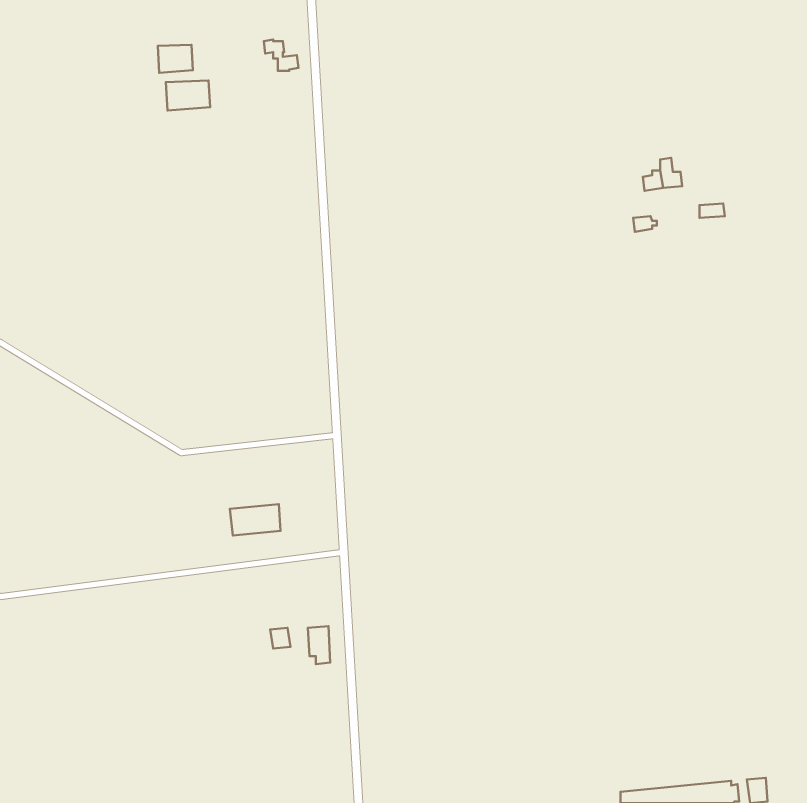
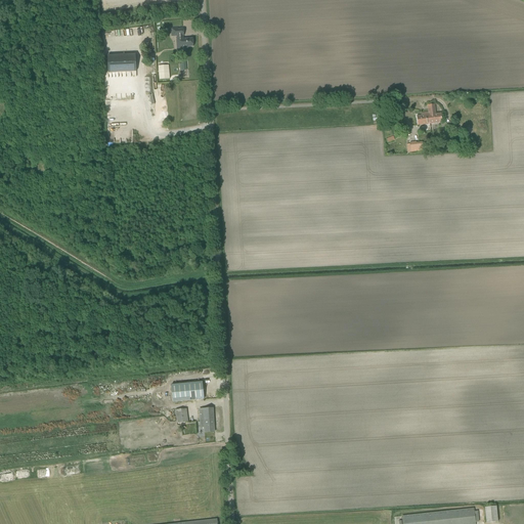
building: [158,45,193,73] -> none
building: [230,504,280,536] -> [171,380,204,400]

